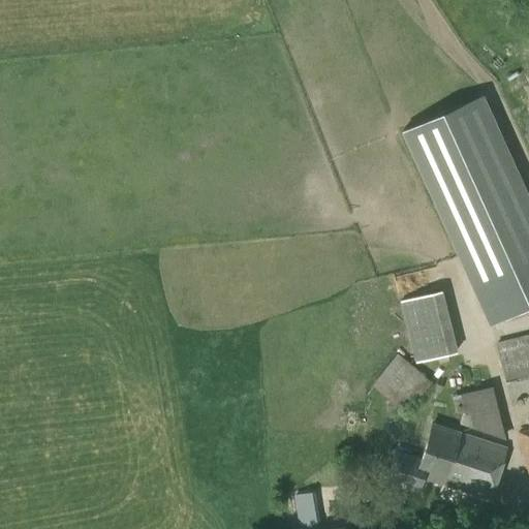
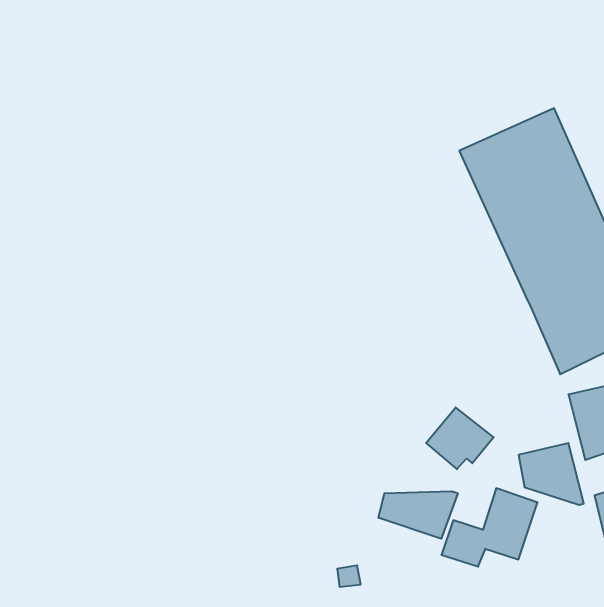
building: [405,291,459,361] -> none
building: none -> [379,491,458,539]
building: [454,437,507,499] -> none

